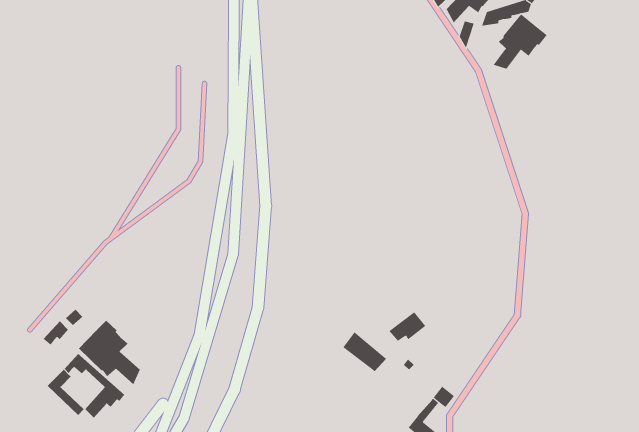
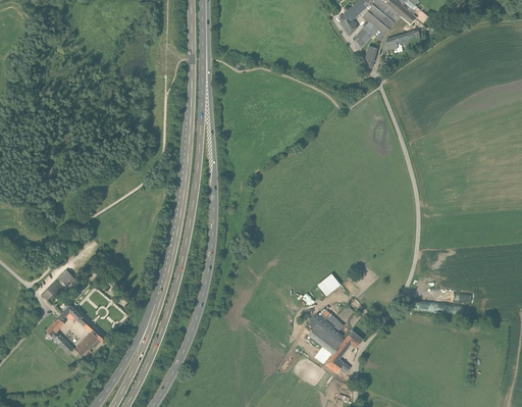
building: [493,14,548,70] -> none
building: [78,320,140,385] -> none
building: [342,332,387,372] -> [308,322,343,354]

